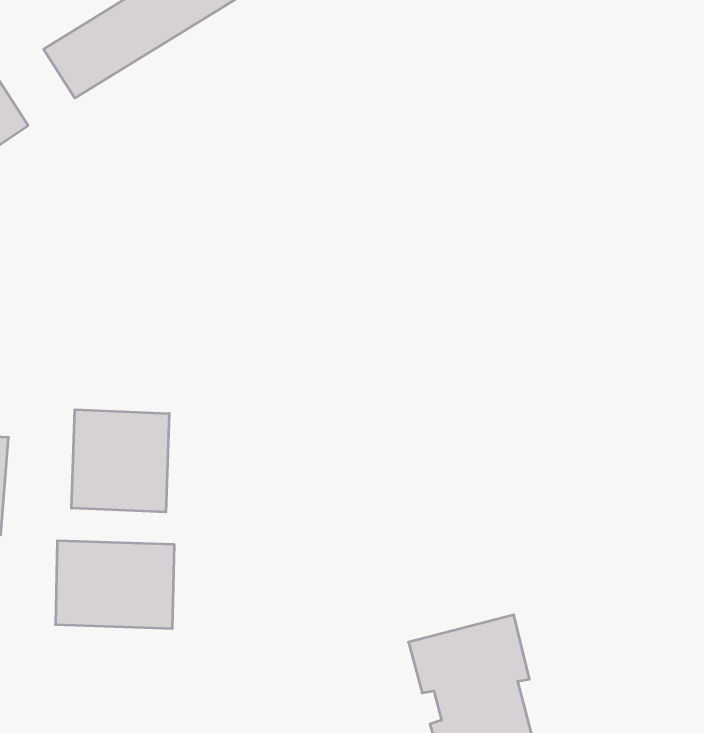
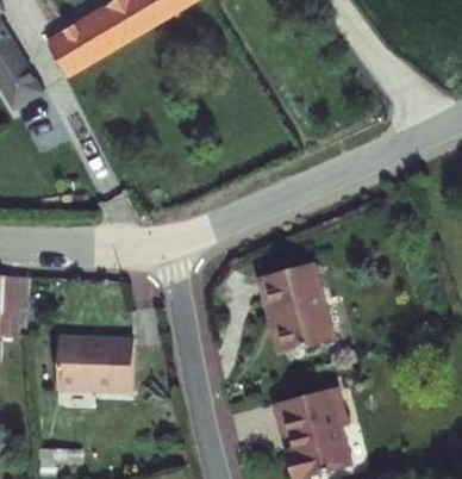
building: [72,410,169,512] -> none
building: none -> [256,261,331,353]

